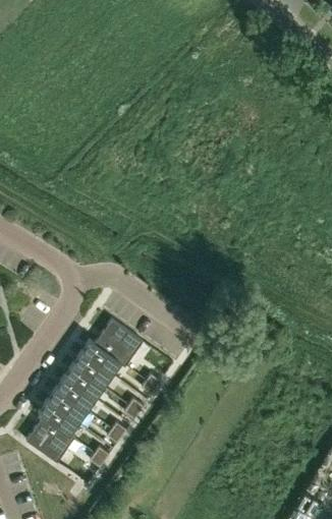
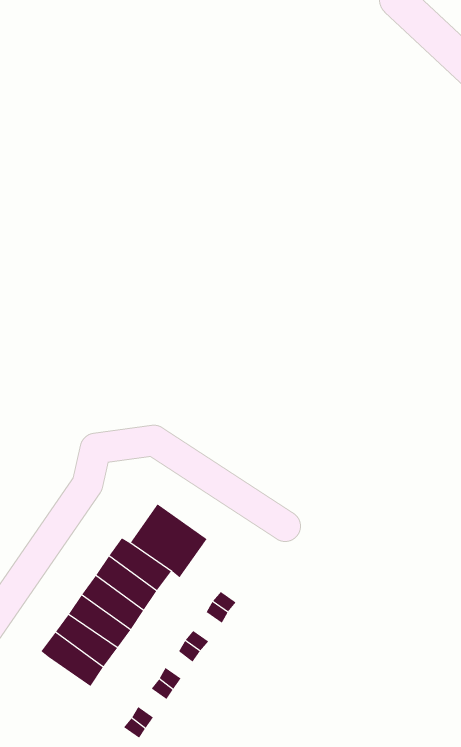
building: [26,415,75,461] -> none

